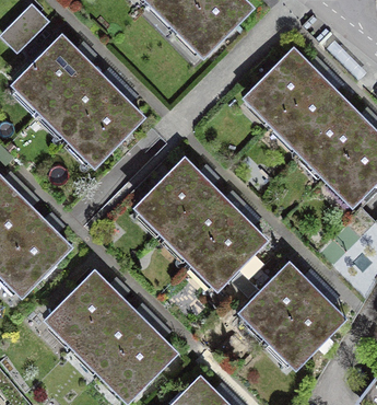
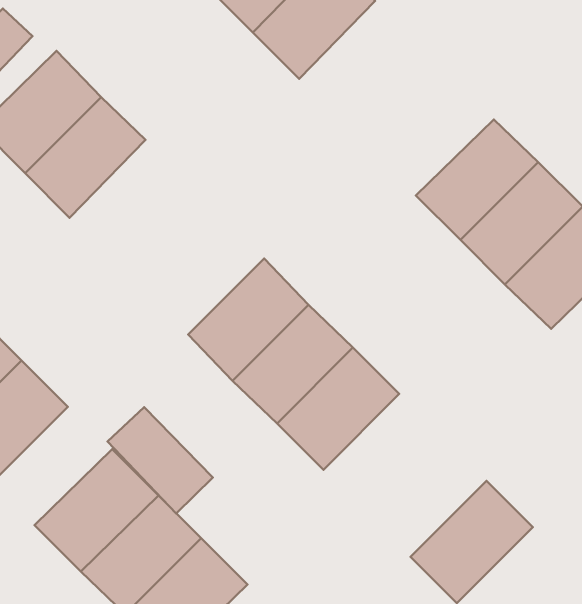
building: [248,50,320,123] -> none
building: [70,90,142,162] -> none
building: none -> [107,407,213,513]
building: [244,264,316,336] -> none

